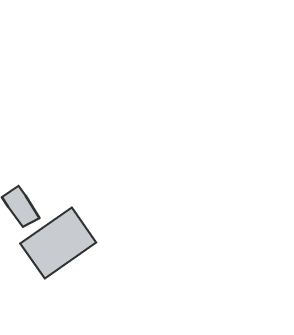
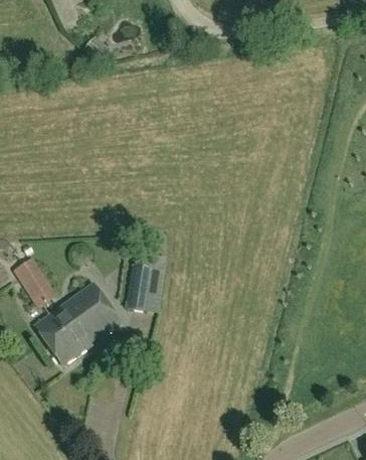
building: none -> [126,263,152,309]

